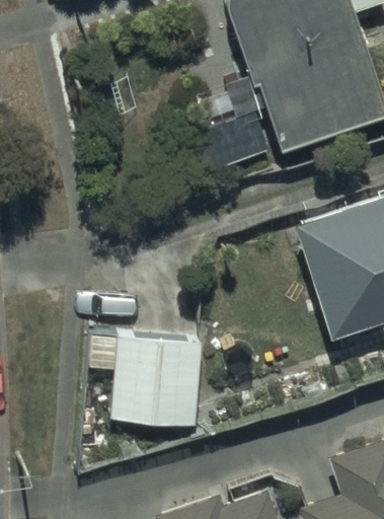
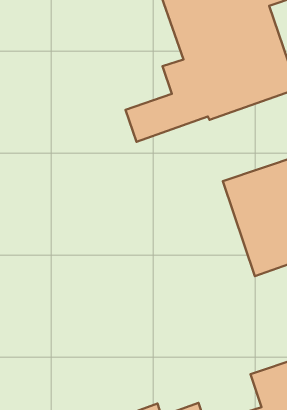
building: [107,335,204,426] -> none

